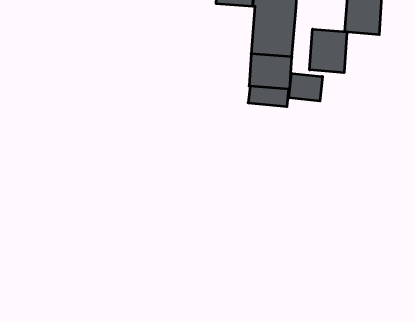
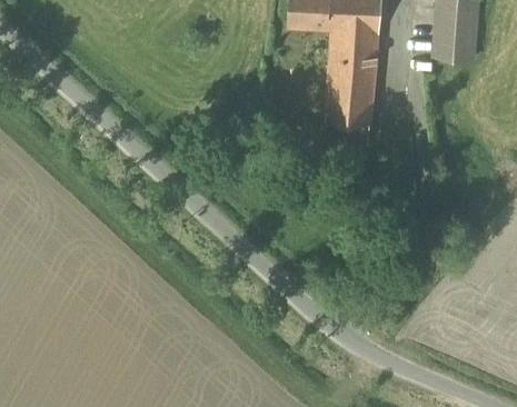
building: [310,29,347,73] -> none
building: [289,73,323,101] -> none

